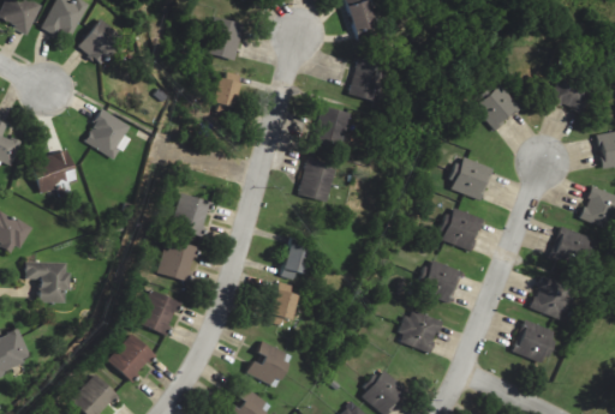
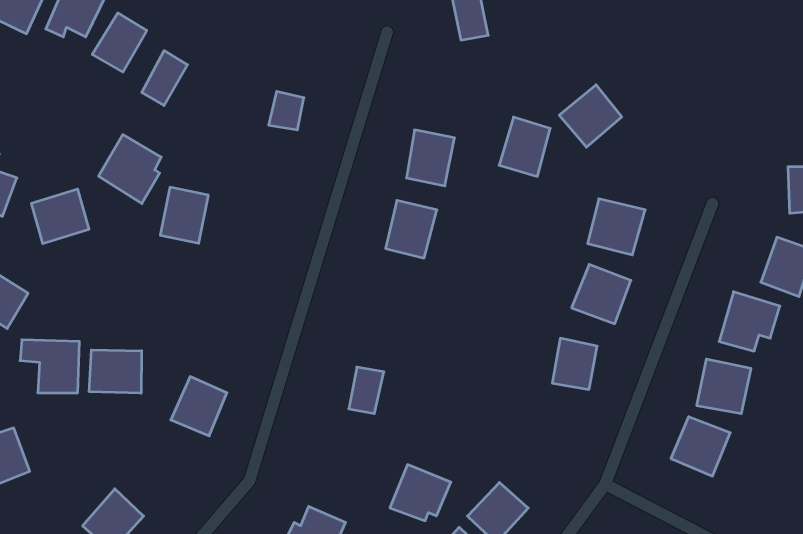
building: [204,17,244,61] -> none
building: none -> [142,51,188,106]
building: [348,58,387,102] -> [499,117,550,176]
building: [551,72,592,113] -> none
building: [473,84,520,131] -> [559,85,622,147]
building: [173,194,209,236] -> [160,187,208,243]
building: [157,239,196,281] -> none
building: [281,245,308,278] -> none
building: none -> [89,350,142,393]
building: [398,310,442,354] -> none
building: [108,334,155,380] -> none
building: [246,342,292,384] -> [390,465,451,521]

